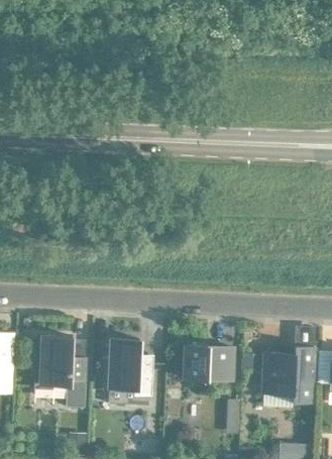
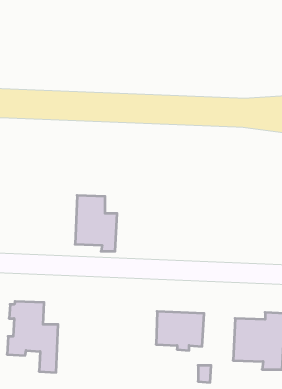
building: [109,338,151,394] -> [75,195,117,251]

